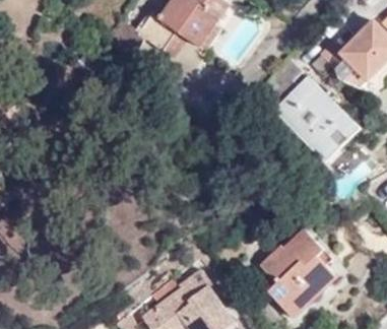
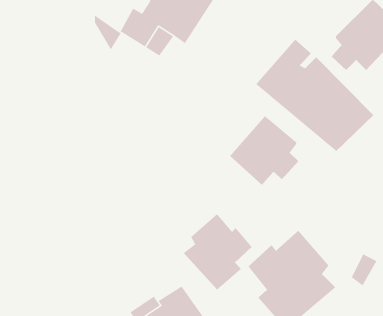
building: none -> [229,115,299,186]
building: none -> [183,213,252,291]

